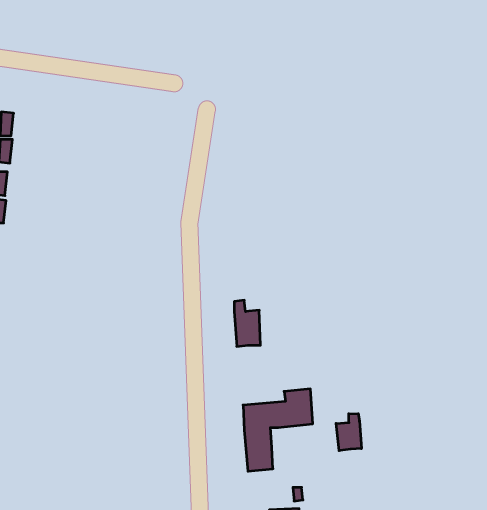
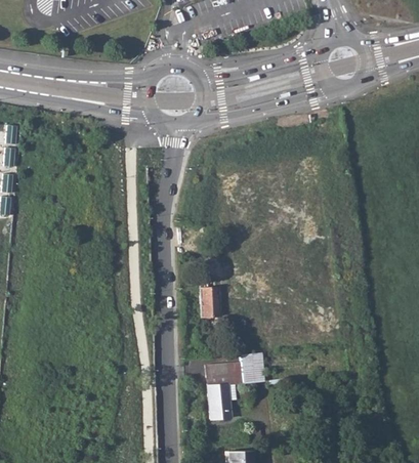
building: [336,414,361,451] -> none

